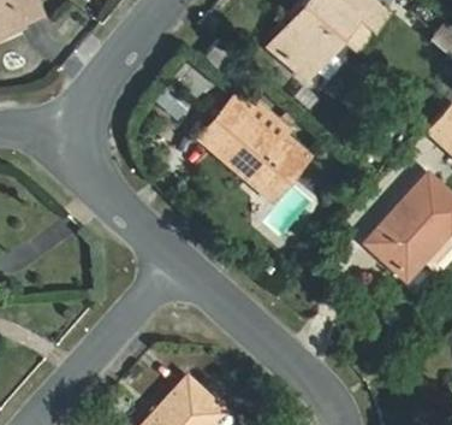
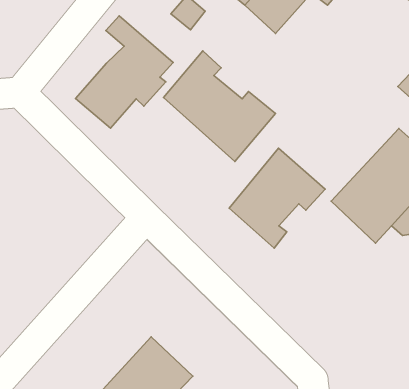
building: none -> [75,16,173,128]
building: none -> [229,148,325,248]

